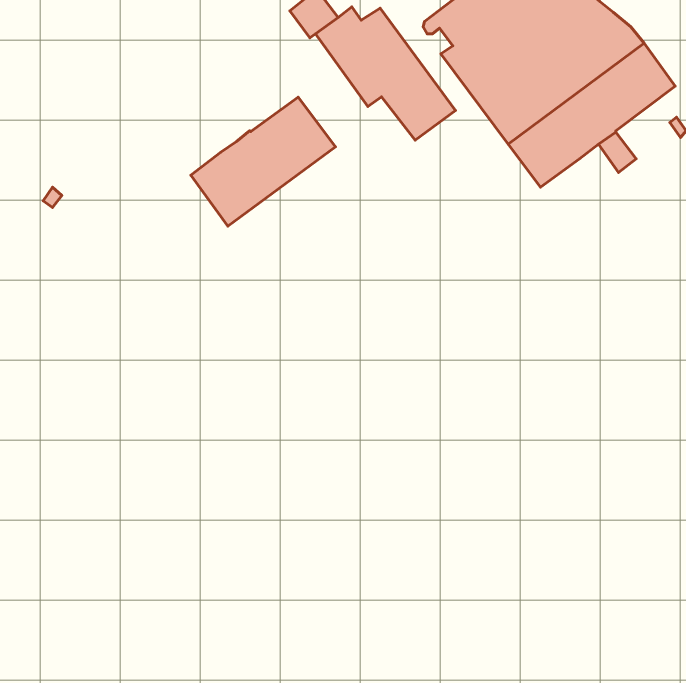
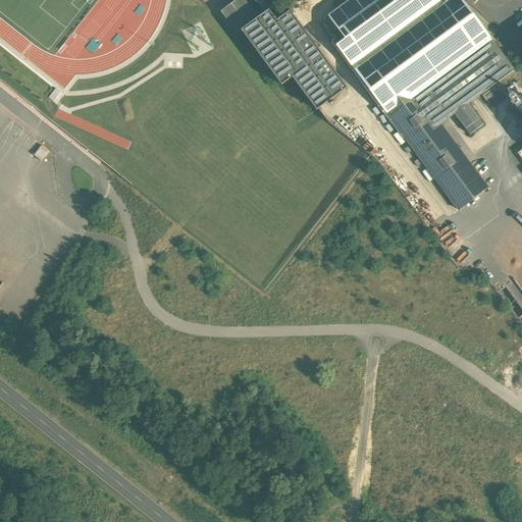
building: [191,97,335,226] -> none
building: none -> [409,120,485,207]

